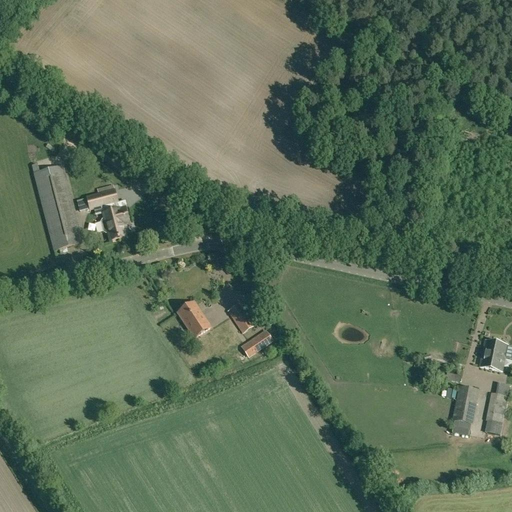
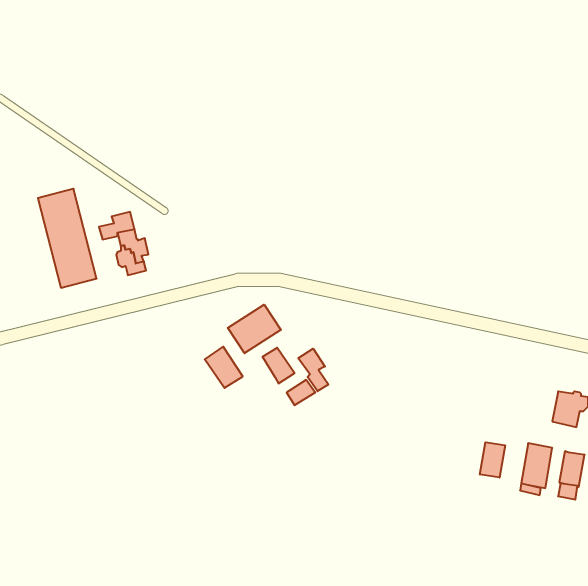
building: none -> [228,305,281,353]
building: none -> [298,349,328,391]
building: none -> [480,442,505,478]

